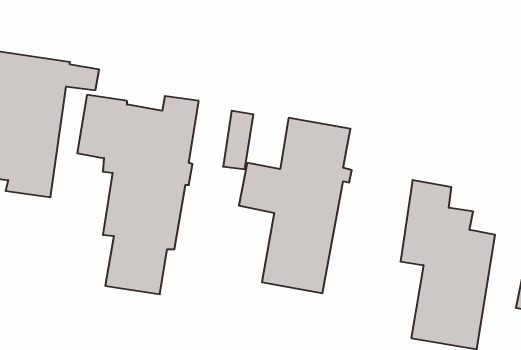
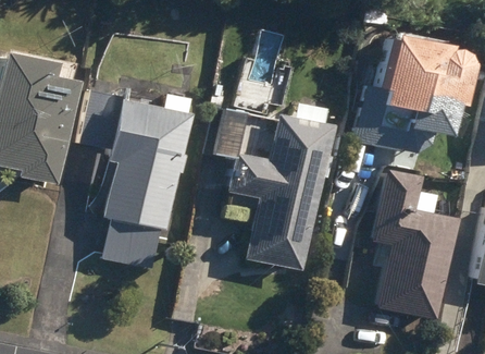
building: none -> [358,29,462,154]

